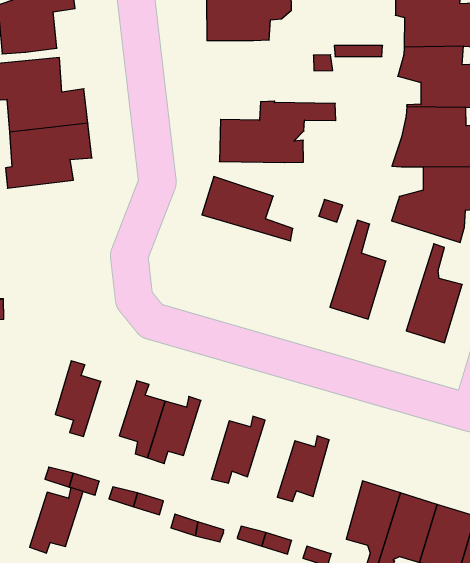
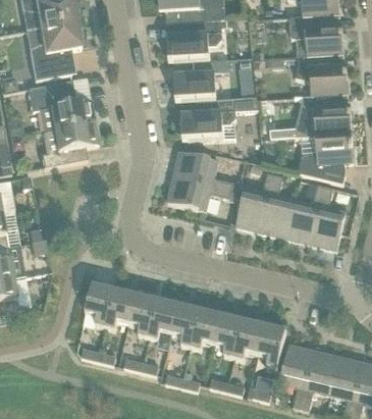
building: none -> [174,58,229,102]
building: none -> [167,176,232,211]
building: none -> [236,172,275,231]
building: none -> [286,184,326,244]
building: none -> [171,298,200,349]
building: none -> [214,308,244,358]
building: none -> [258,318,286,368]
building: [30,488,83,553] -> [105,285,138,329]

